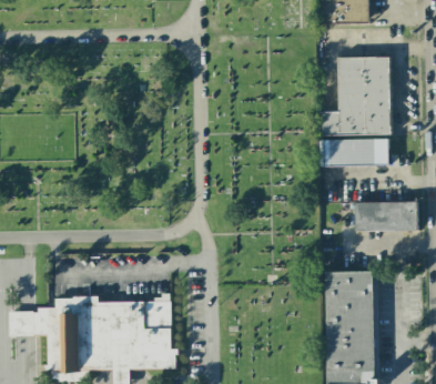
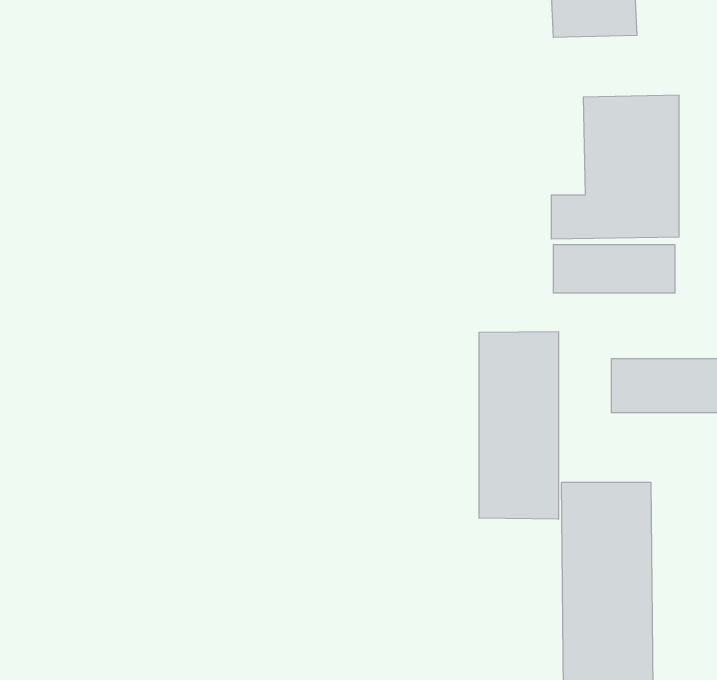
building: none -> [479,332,558,519]
building: [49,300,173,368] -> none

